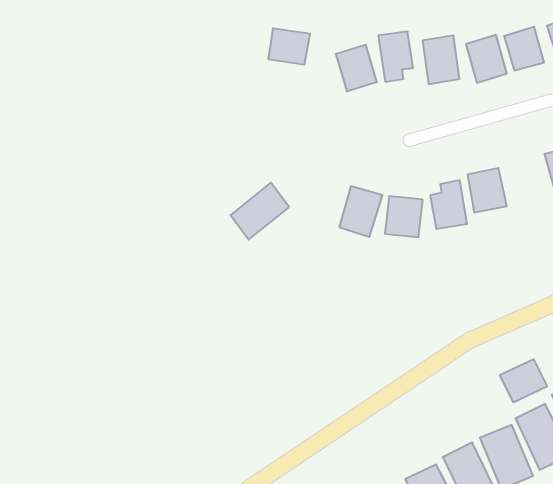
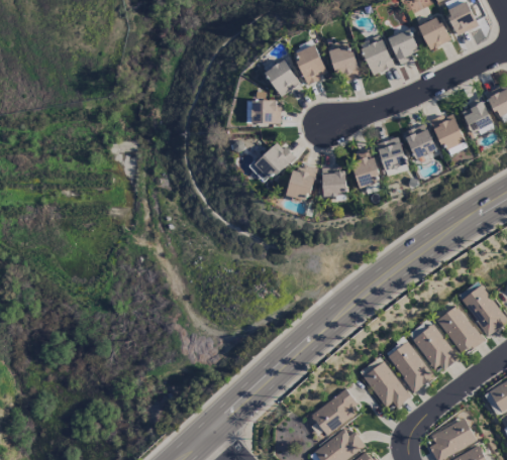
building: [268,28,310,65] -> [251,100,280,123]
building: none -> [404,123,436,158]
building: [230,183,289,240] -> [250,140,293,185]
building: [500,359,547,402] -> none

